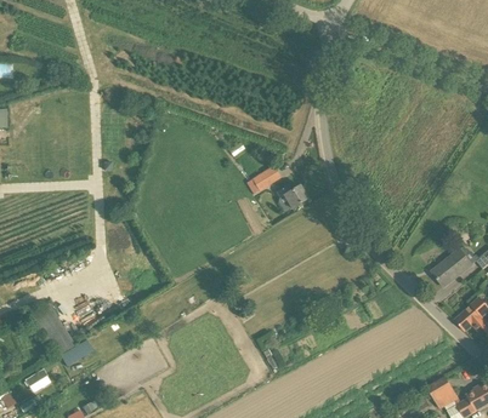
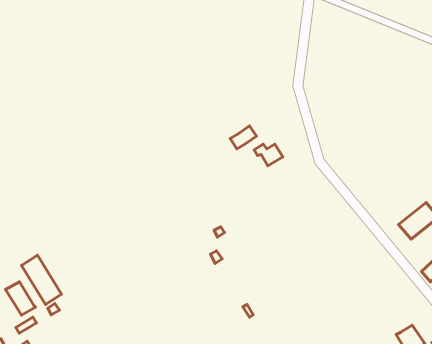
building: none -> [6,282,35,315]

